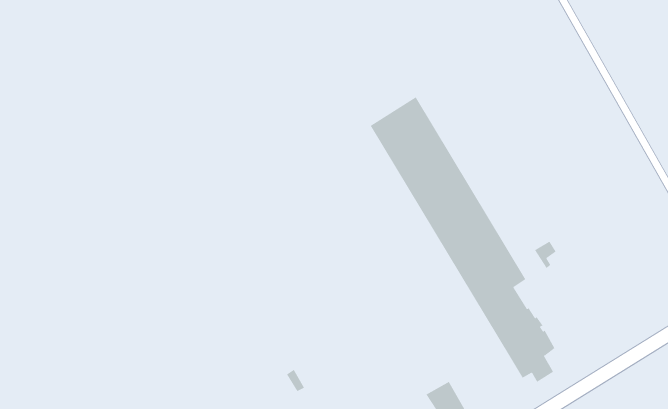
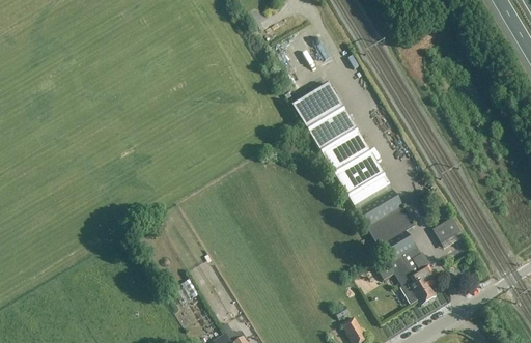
building: none -> [432,218,464,249]

